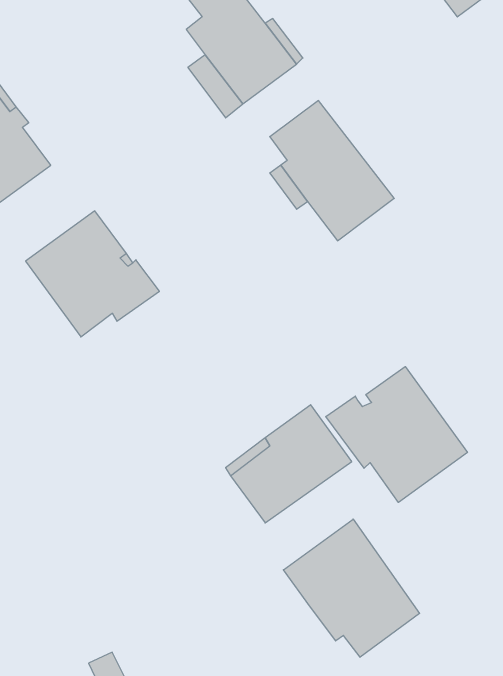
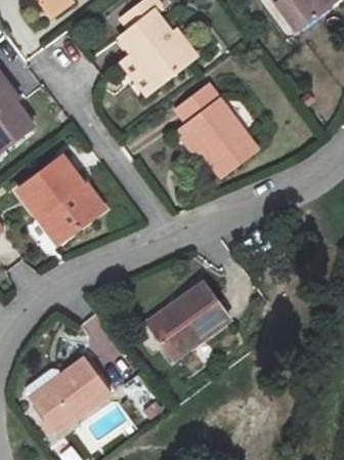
building: [326,367,467,502] -> none
building: none -> [26,357,112,433]
building: [283,519,420,657] -> none

